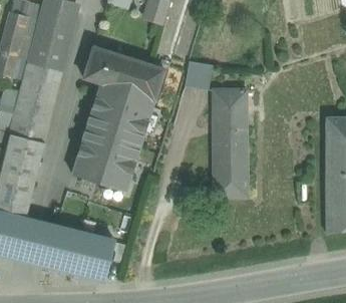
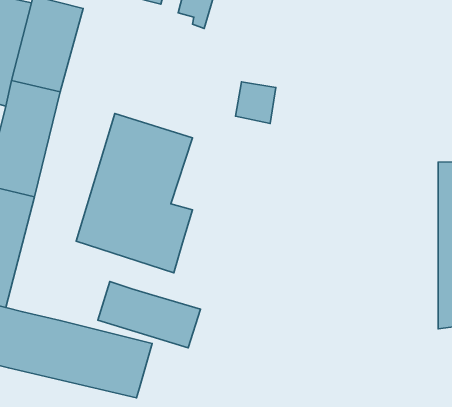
building: [83,47,164,100] -> none
building: [214,89,247,198] -> none
building: none -> [98,282,200,348]

